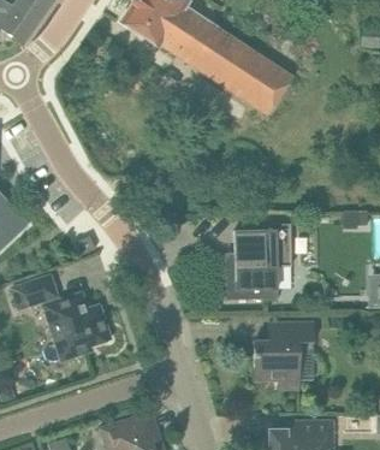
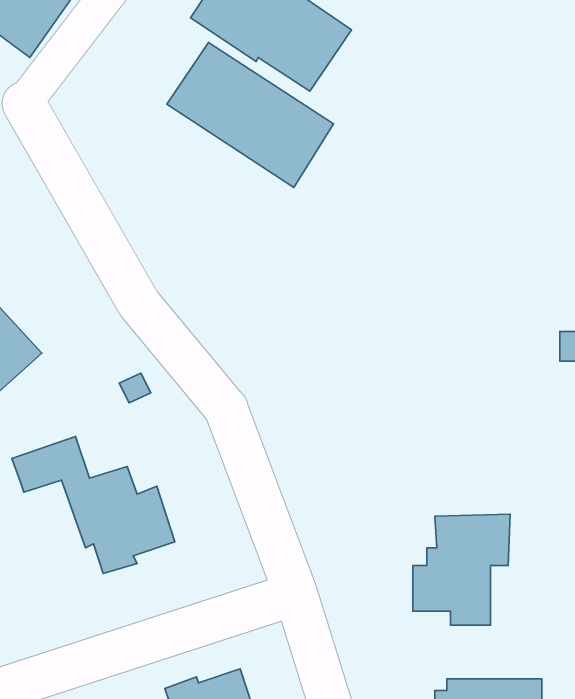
building: [191,28,292,116] -> [167,43,334,187]
building: [225,229,291,298] -> none

